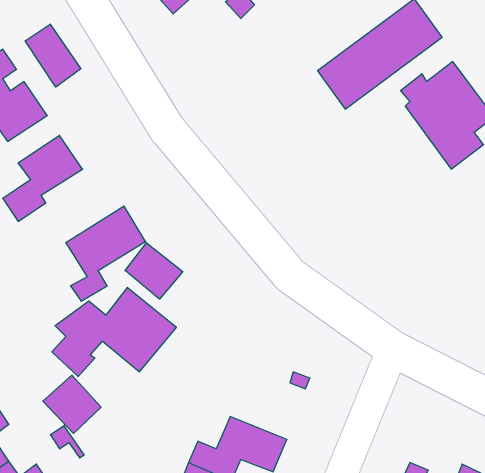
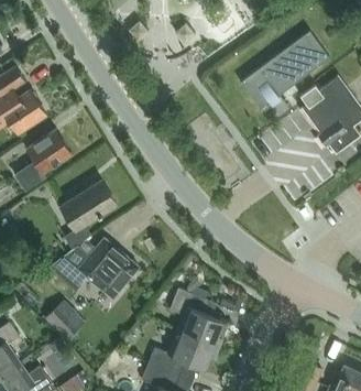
building: [25,24,81,87] -> none
building: [125,243,183,299] -> none
building: none -> [169,289,228,347]

